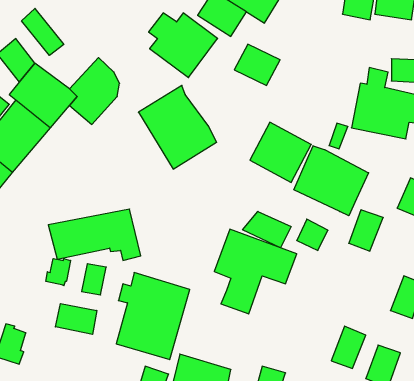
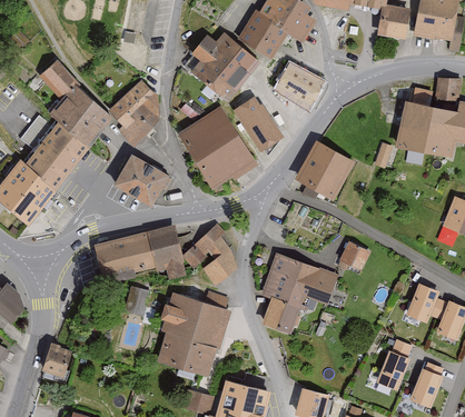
building: [22,8,64,55] -> none
building: none -> [228,95,285,151]
building: none -> [117,153,172,205]
building: [294,146,369,216] -> none
building: none -> [190,226,230,279]
building: [349,210,383,251] -> [404,279,438,320]
building: [243,211,291,248] -> none
building: [46,259,71,286] -> none
building: [55,304,97,334] -> none

